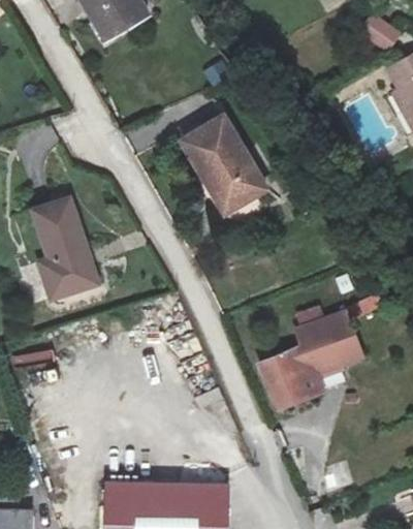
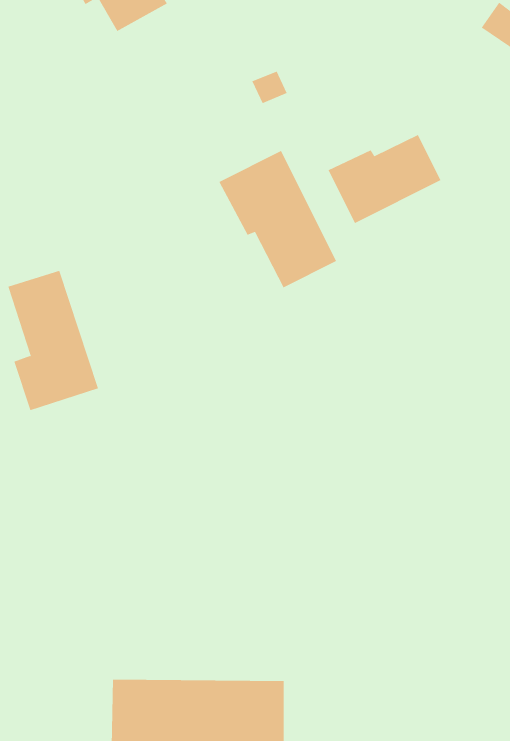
building: none -> [328,134,441,224]
building: [259,308,366,410] -> none

